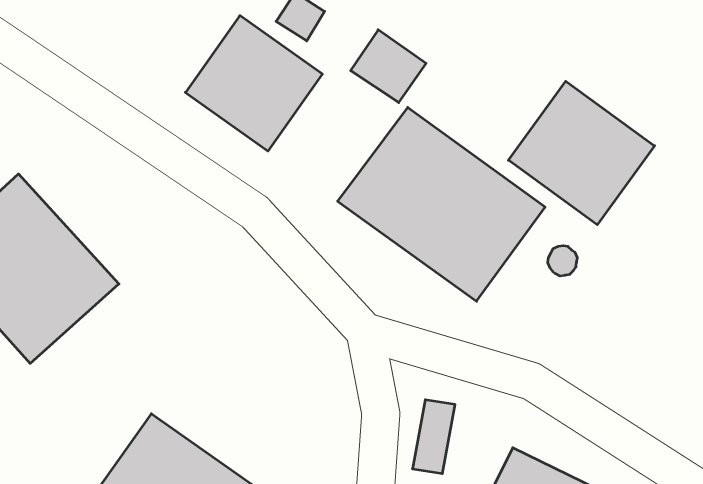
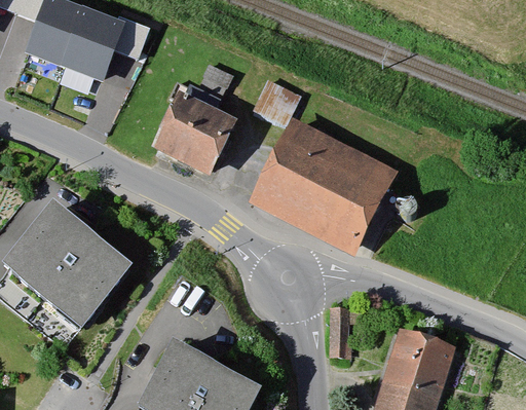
building: [508,81,655,225] -> none

